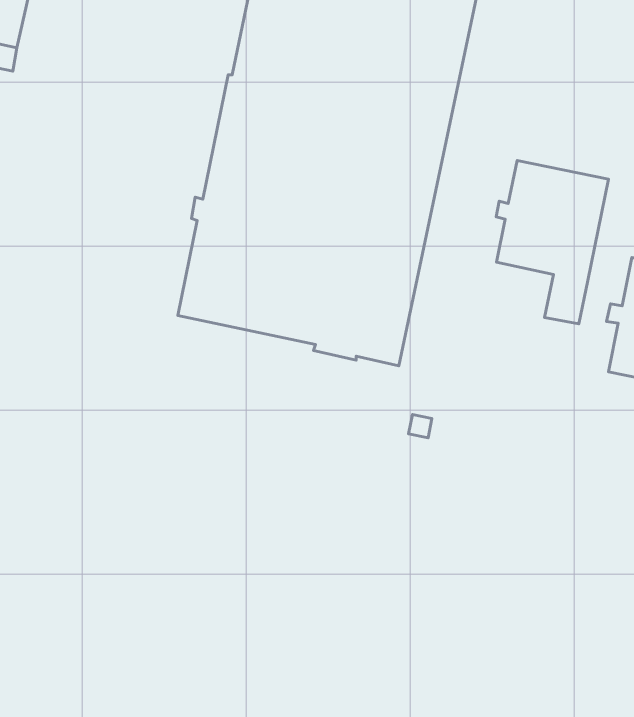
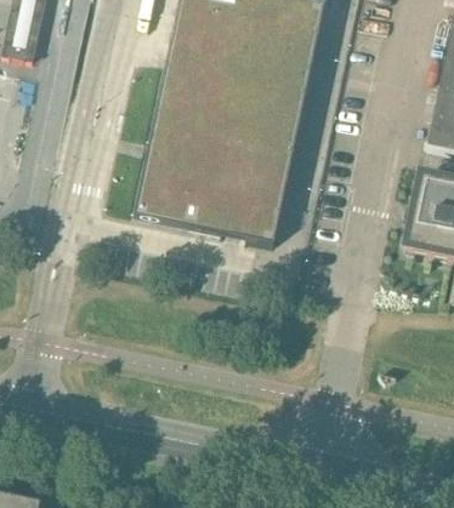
building: [496,160,608,324] -> none

